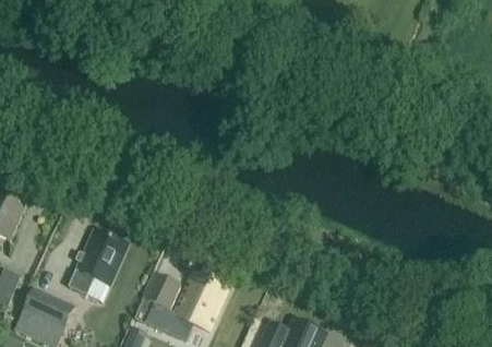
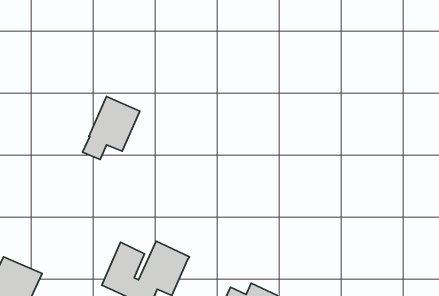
building: [69,227,129,292] -> [82,97,140,159]

